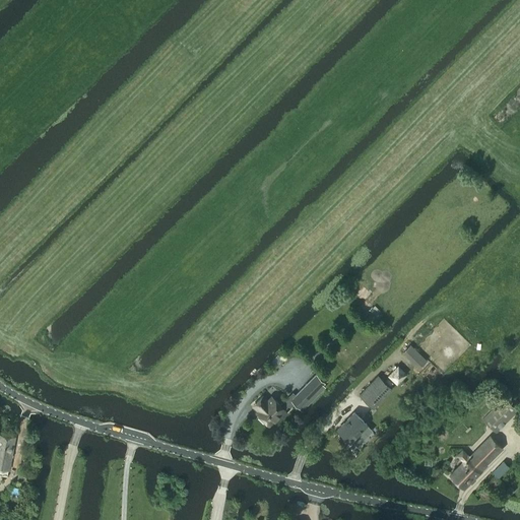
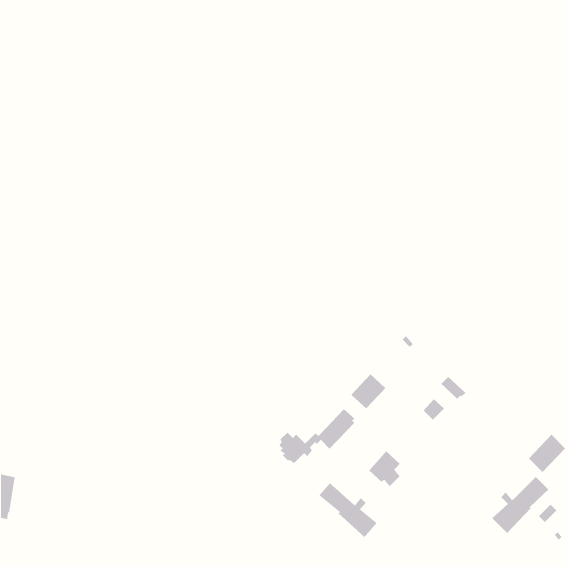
building: [359,377,391,409] -> [351,374,386,409]
building: none -> [319,483,377,538]

